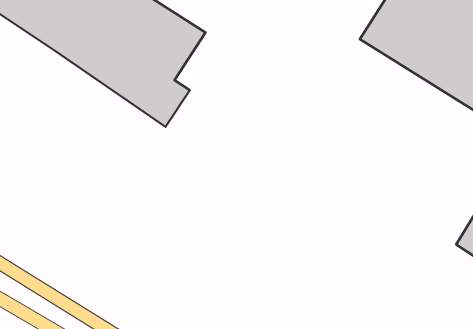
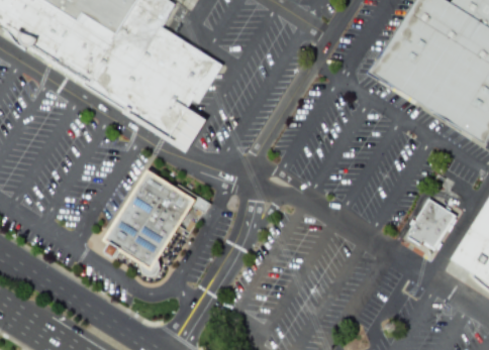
building: none -> [106,174,198,275]
building: none -> [408,199,454,246]

